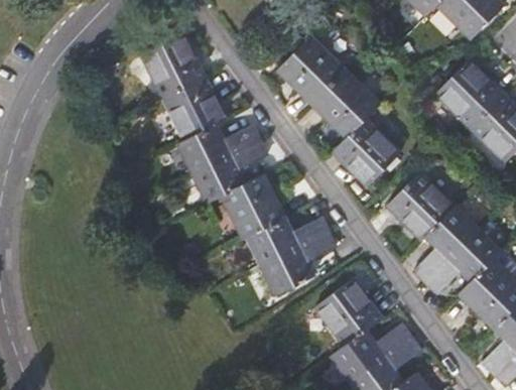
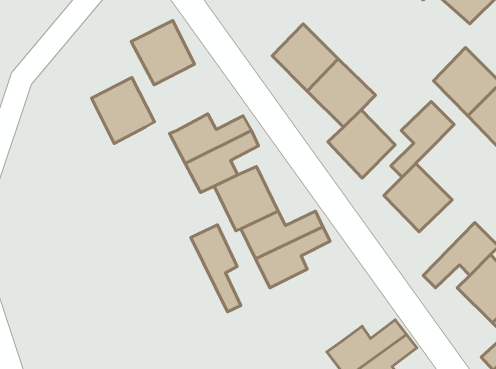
building: [163,76,225,140] -> [92,77,155,144]
building: [414,208,476,281] -> [391,102,454,177]
building: none -> [191,225,241,312]
building: [316,280,381,346] -> none

